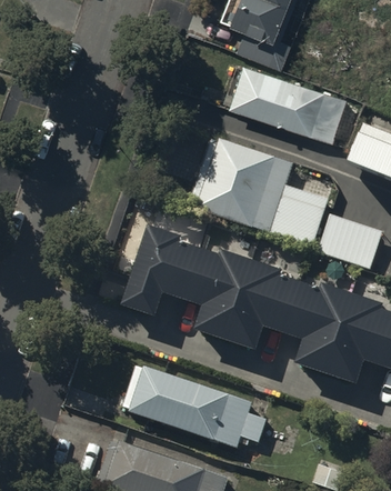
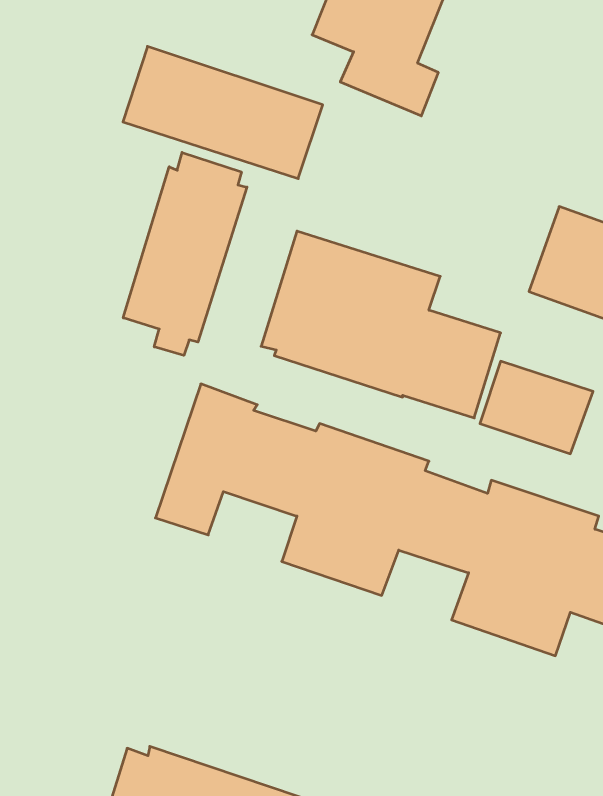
building: [229,61,347,139] -> [123,46,323,179]
building: none -> [123,152,247,355]
building: [121,364,264,448] -> none

